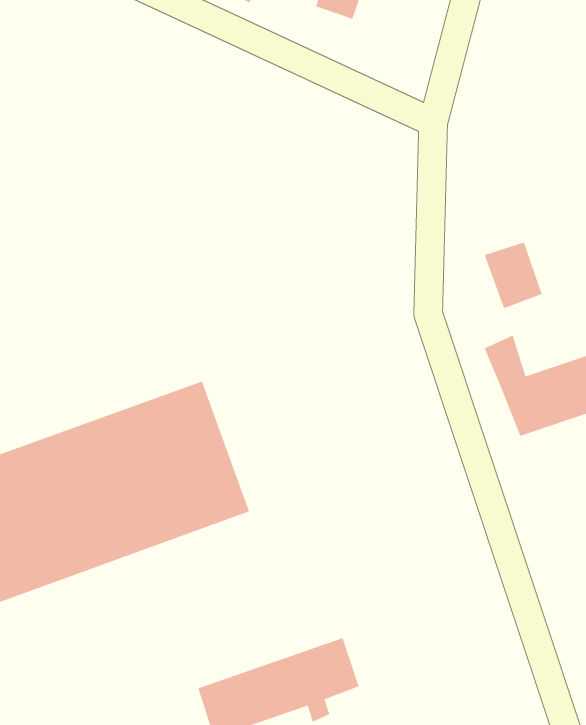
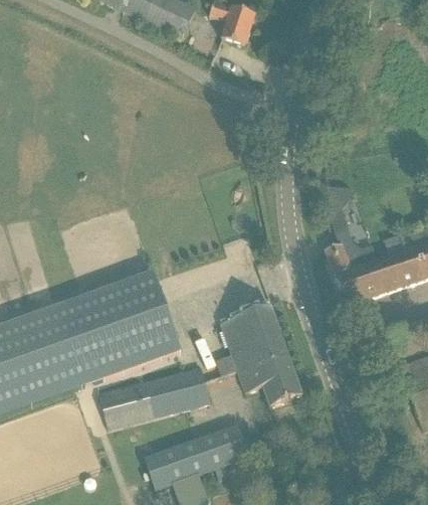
building: none -> [216,306,302,406]
building: none -> [98,366,210,430]

